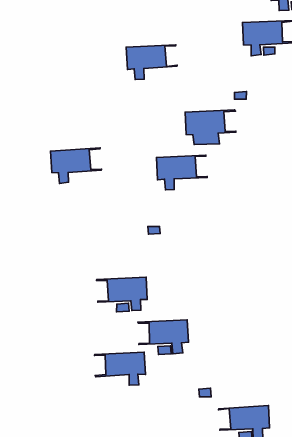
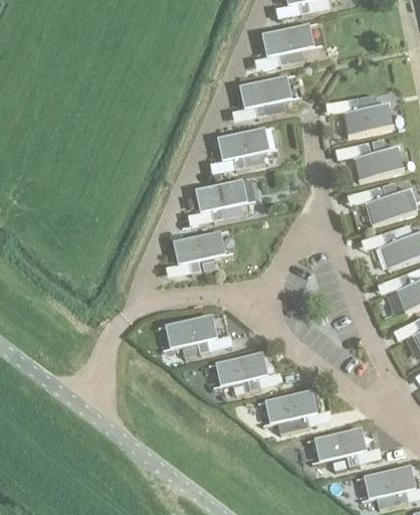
building: [126,45,177,80] -> [243,73,299,117]
building: [50,148,101,184] -> [177,228,233,273]
building: [95,352,145,385] -> [258,390,314,427]

